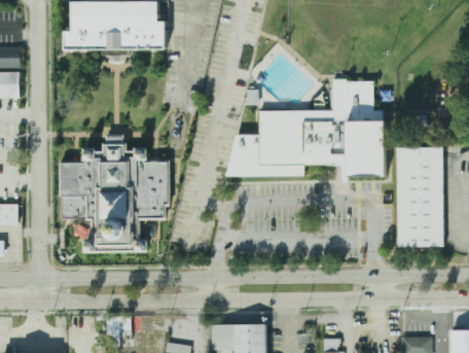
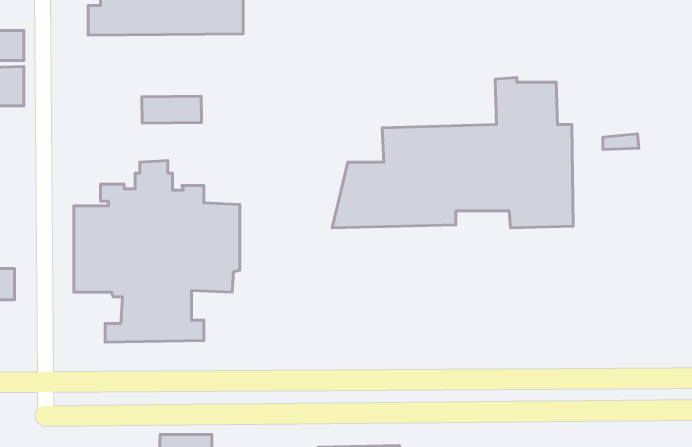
building: none -> [142,96,201,123]
building: [396,146,443,245] -> none

